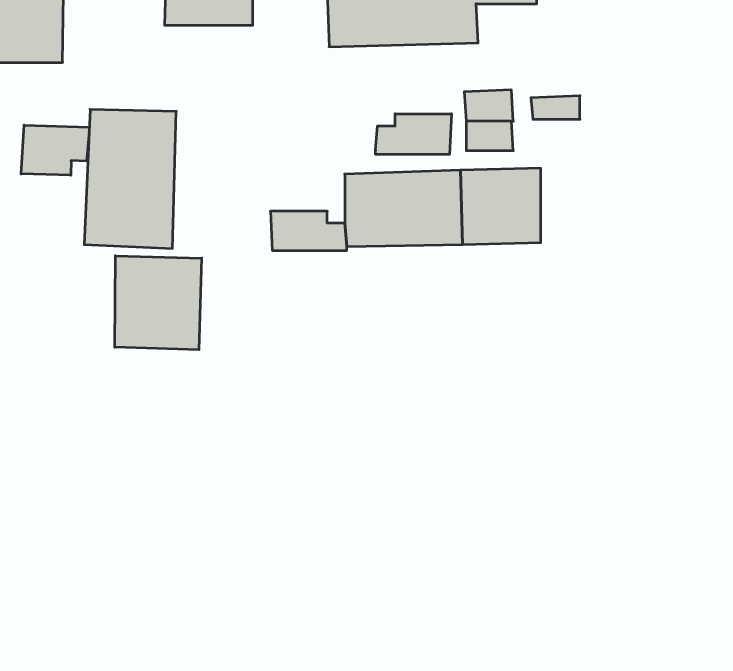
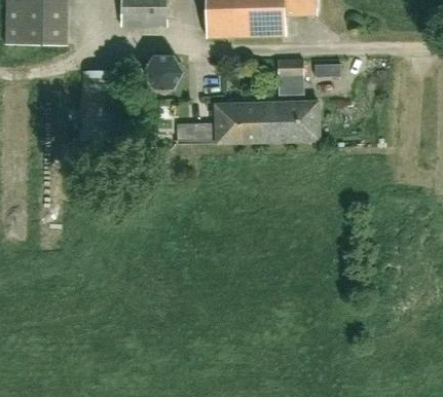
building: none -> [139,58,180,94]
building: [376,114,451,154] -> none
building: [21,125,89,175] -> none
building: [115,256,202,350] -> none

